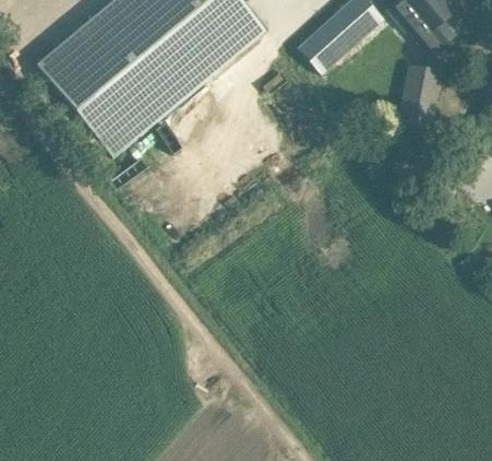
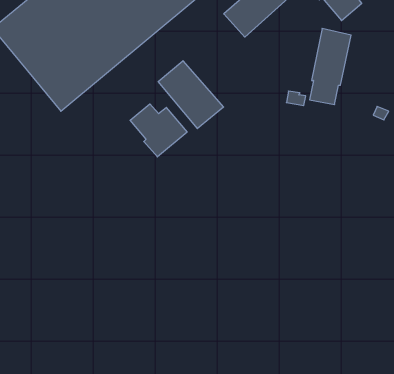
building: none -> [158,61,224,129]
building: none -> [130,104,187,157]

